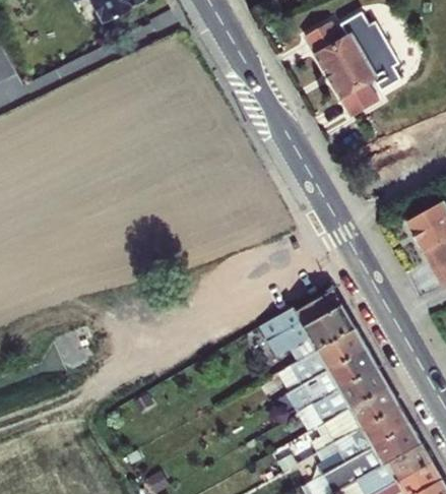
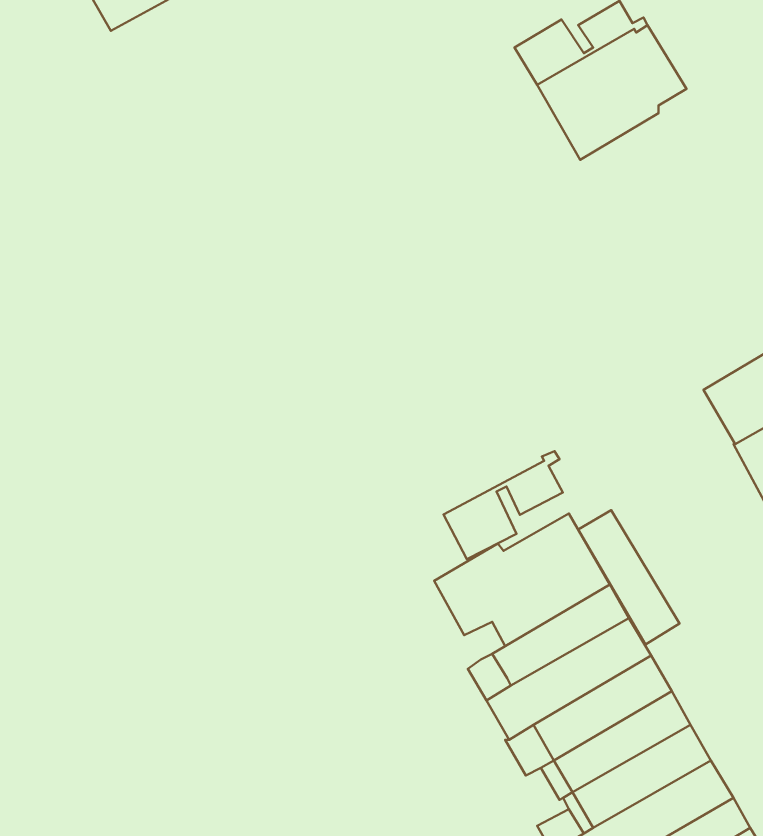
building: [340,59,401,117] -> none
building: none -> [444,451,563,559]
building: none -> [578,510,680,644]

